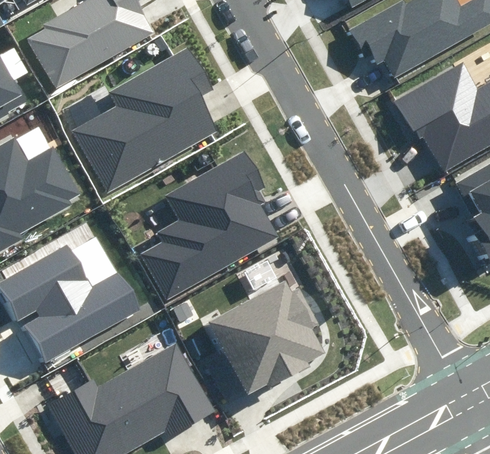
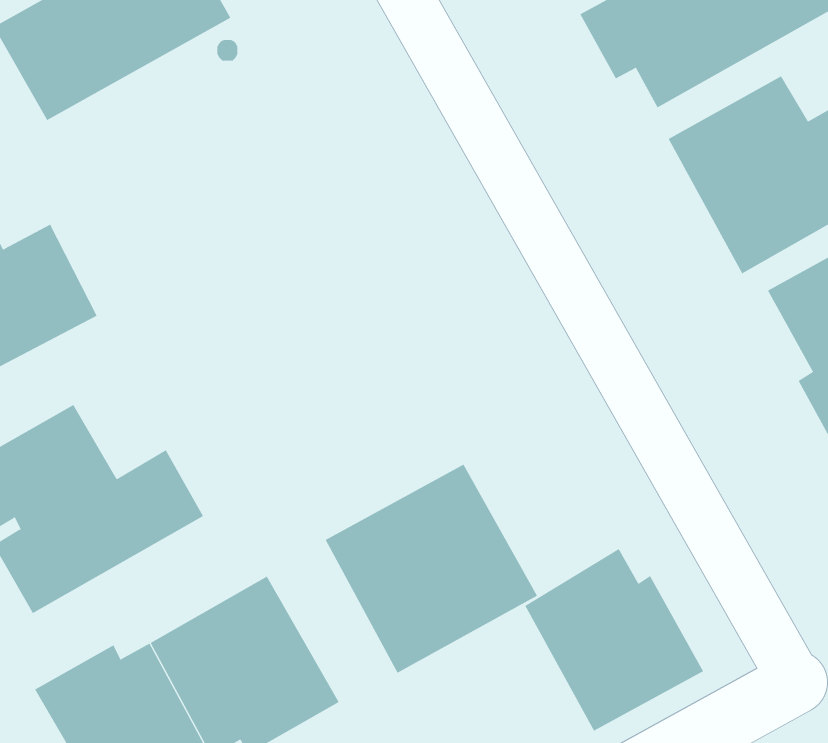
building: [69,49,219,196] -> none
building: [138,152,277,302] -> none
building: none -> [524,548,704,731]

